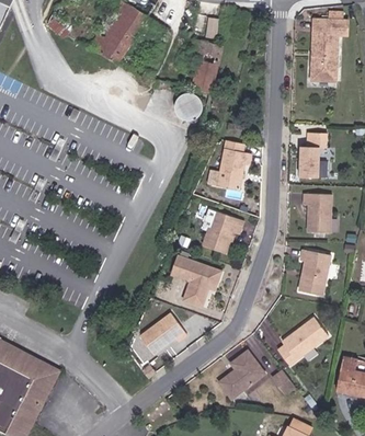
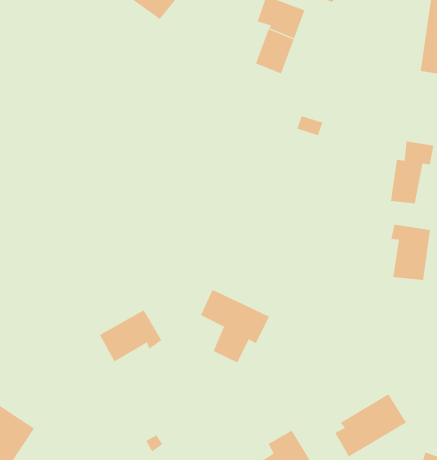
building: [176,94,201,119] -> none
building: [216,140,251,191] -> none
building: [202,208,243,253] -> none
building: [298,250,331,296] -> none
building: [139,313,185,354] -> [99,310,162,362]

